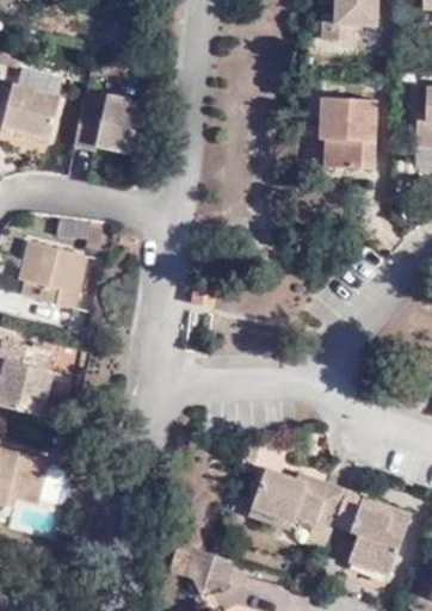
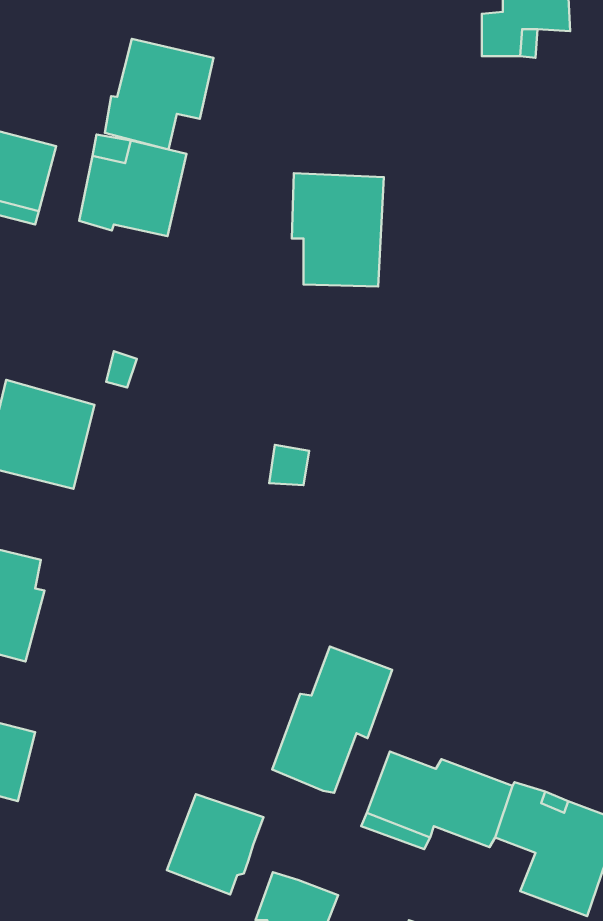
building: none -> [105,39,214,149]
building: [320,97,377,167] -> [292,173,384,286]
building: none -> [272,647,392,793]
building: none -> [167,794,264,894]

